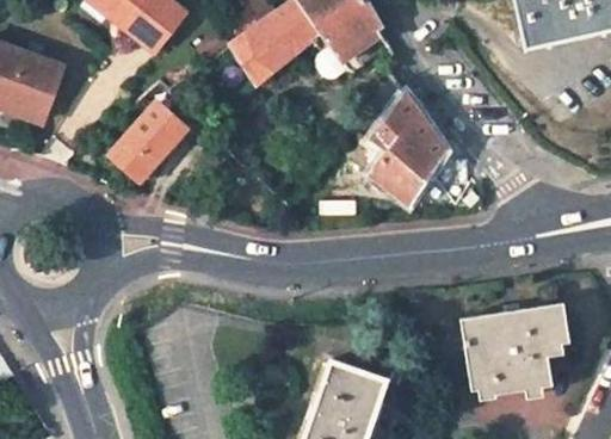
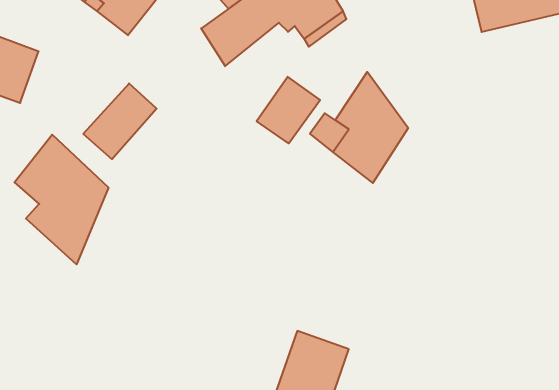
building: none -> [257,77,320,143]
building: none -> [14,135,108,264]
building: [461,302,569,392] -> none

